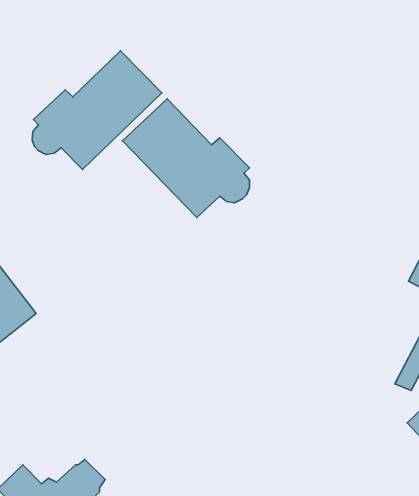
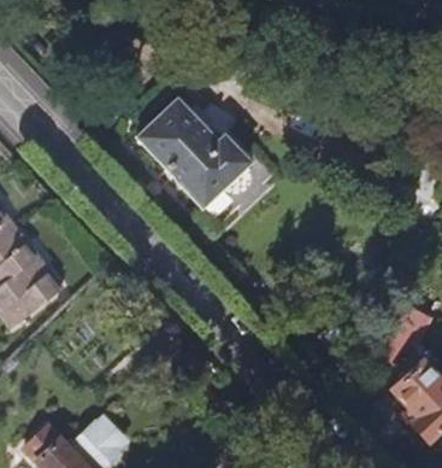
building: [32,51,162,170] -> none

